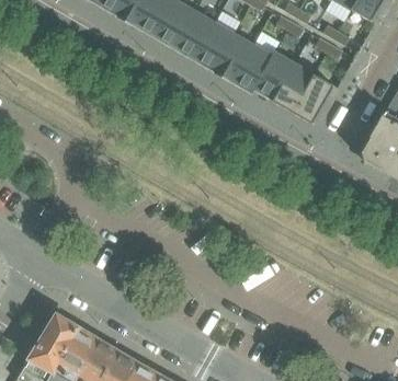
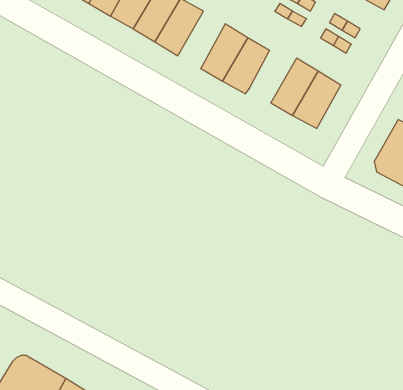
building: [192,22,232,71] -> none
building: [253,51,294,101] -> none

